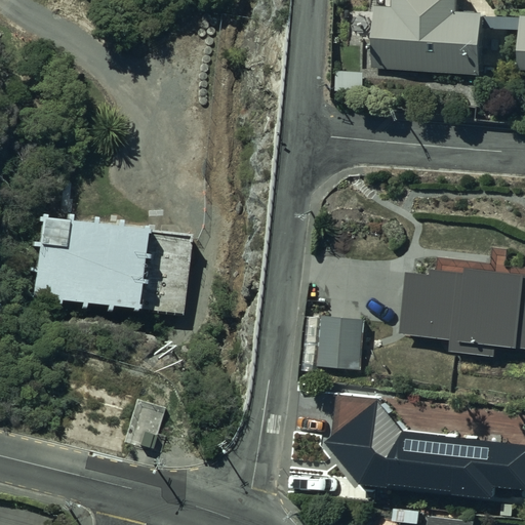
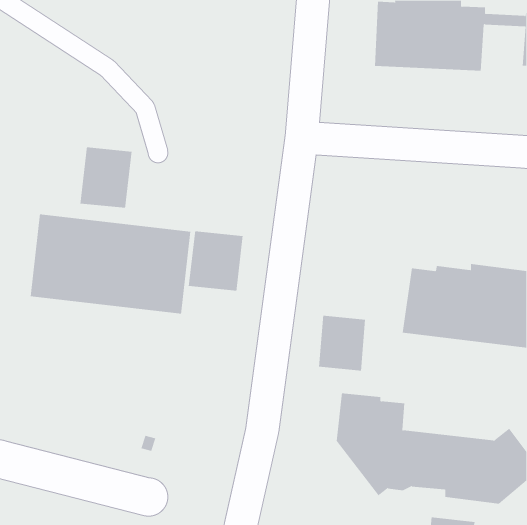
building: none -> [80,147,132,209]
building: none -> [188,230,243,292]

